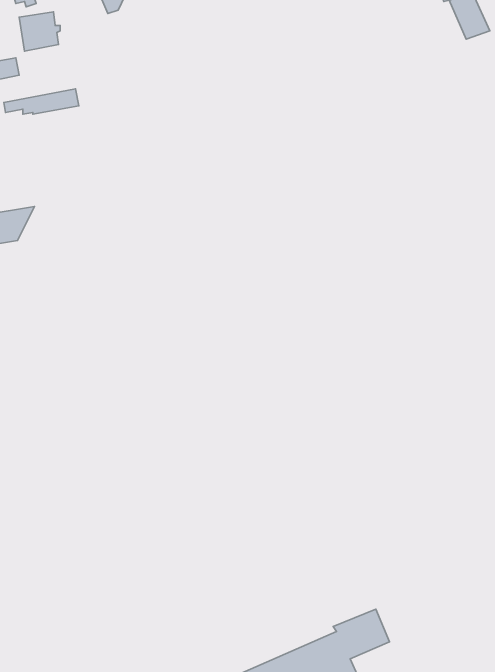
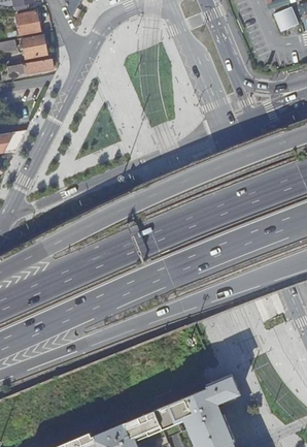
building: none -> [21,33,46,58]

